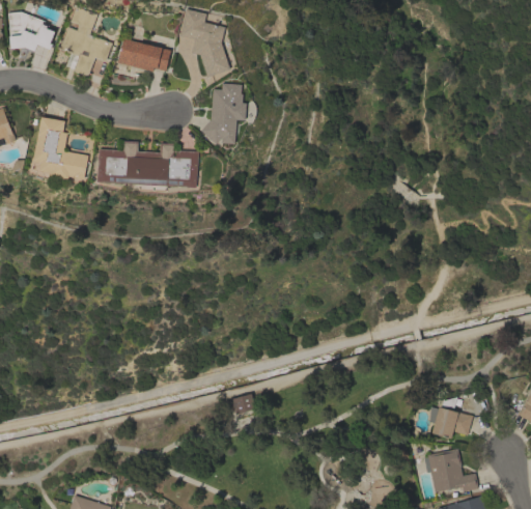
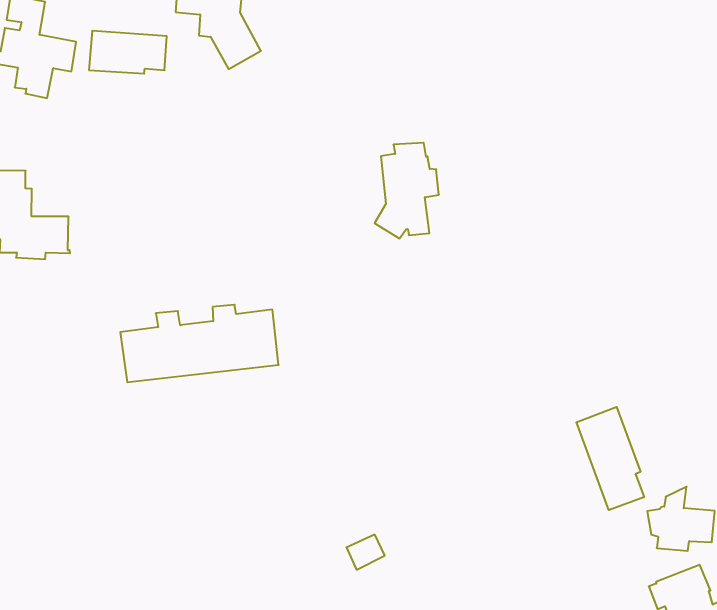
building: [201,83,247,144] -> [375,143,439,238]
building: [97,141,199,188] -> [120,305,279,382]
building: none -> [576,407,644,510]

